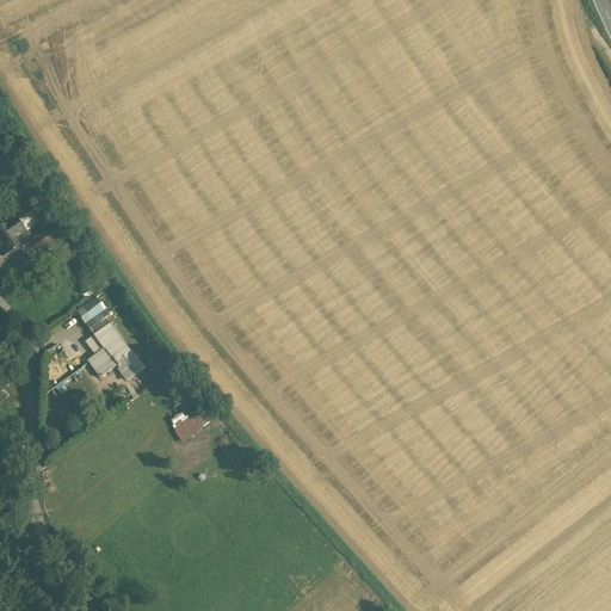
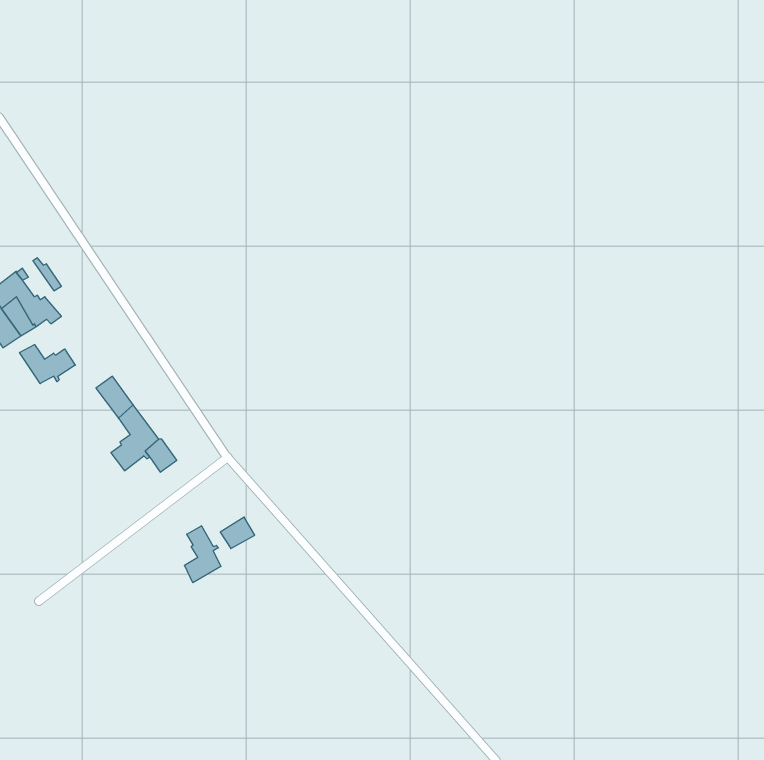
building: none -> [20,345,75,384]
building: none -> [184,526,221,583]

